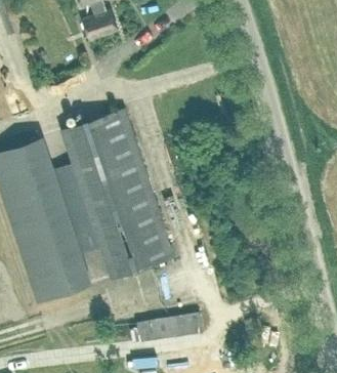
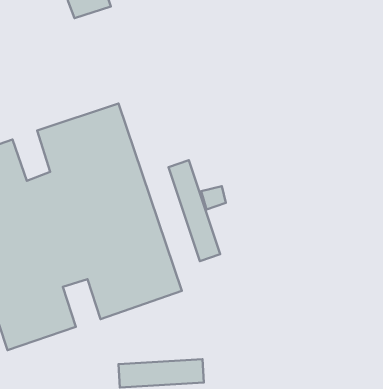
building: none -> [168,160,220,261]

